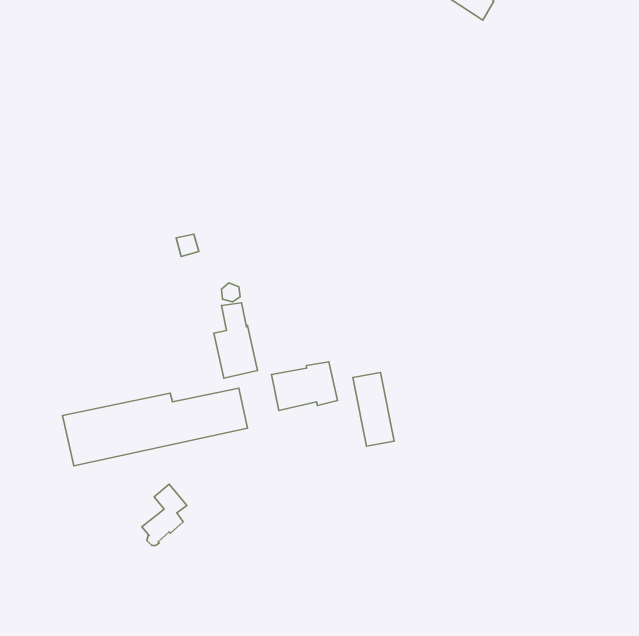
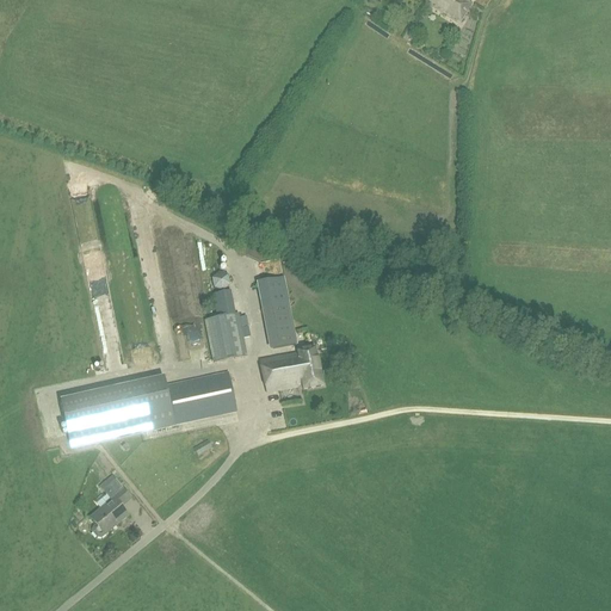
building: [353,372,394,446] -> [257,274,296,345]
building: [142,484,187,546] -> [88,475,131,533]

